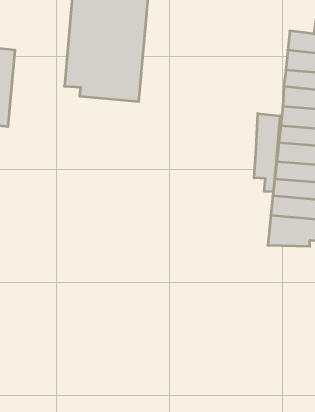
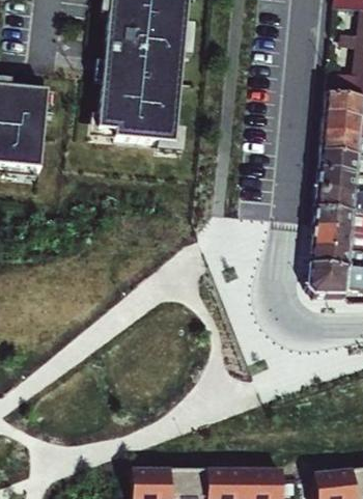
building: [254,113,280,192] -> none

